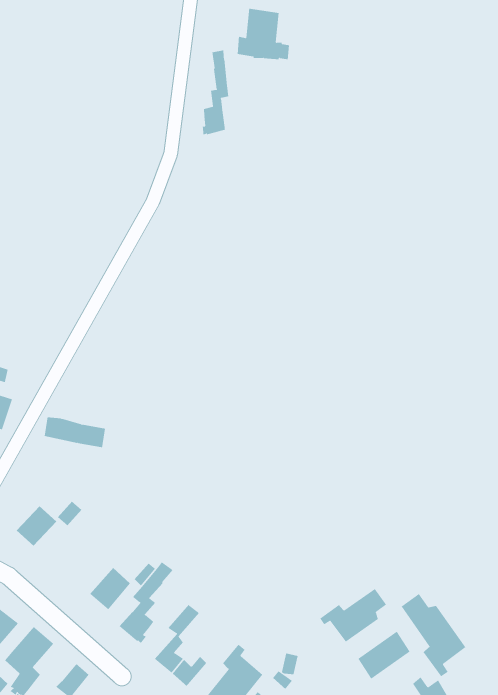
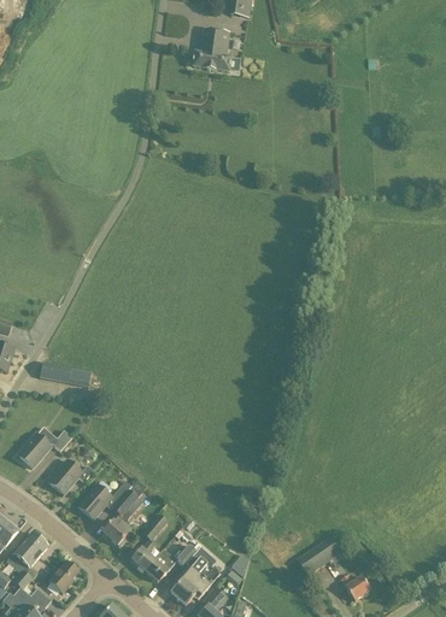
building: [202,50,229,135] -> none
building: none -> [48,459,93,493]
building: [320,588,387,642] -> none
building: [401,593,466,677] -> none

